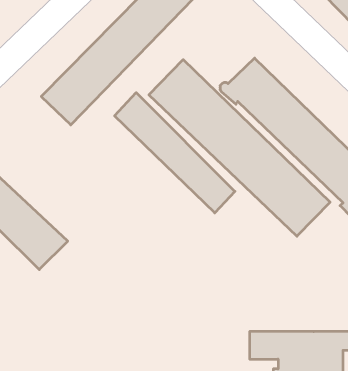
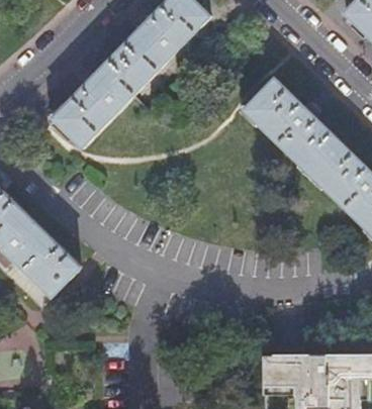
building: [149,60,330,236] -> none
building: [115,93,235,213] -> none

